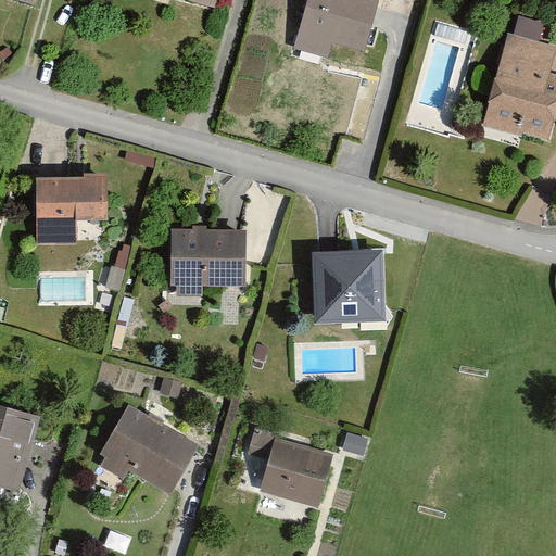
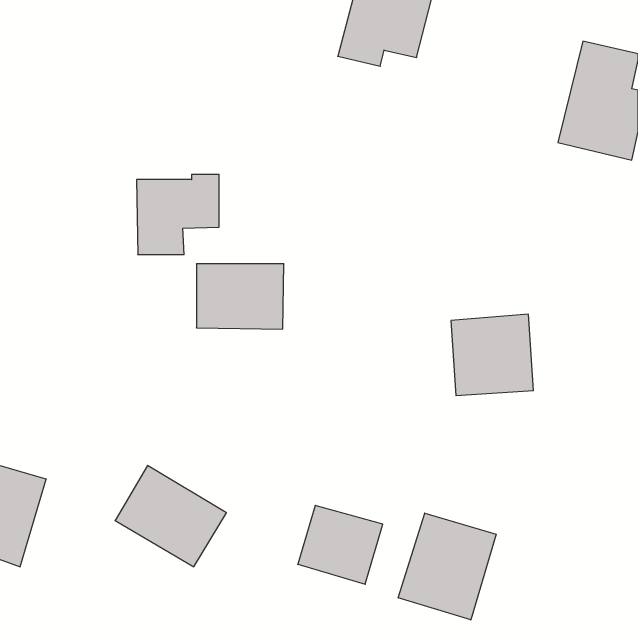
building: [35,174,106,243] -> [137,174,219,255]
building: [313,250,384,320] -> [451,314,533,396]
building: none -> [398,513,496,620]

